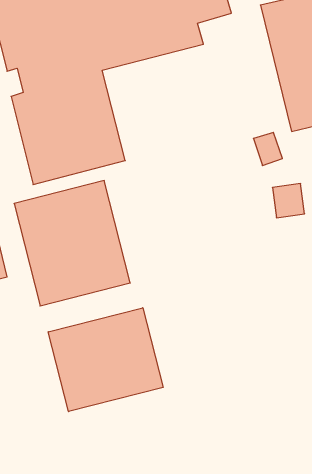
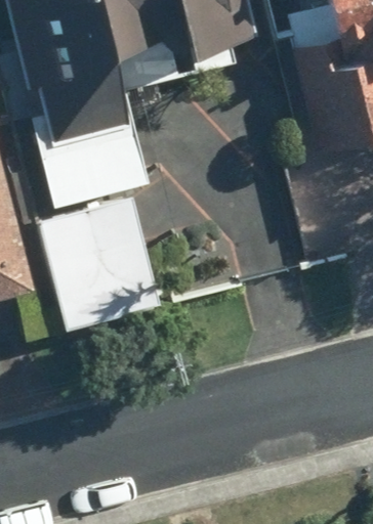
building: [48,308,163,412] -> none

